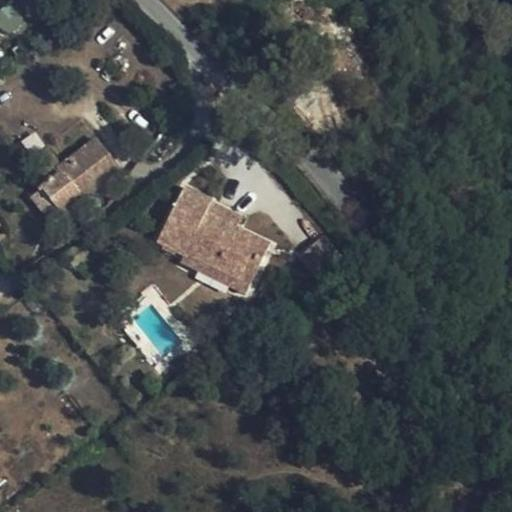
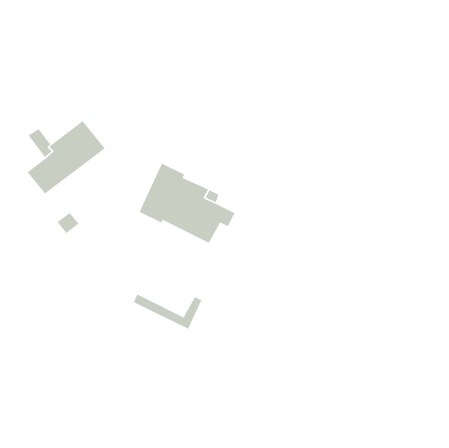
building: [180,250,259,291] -> [133,294,203,330]

